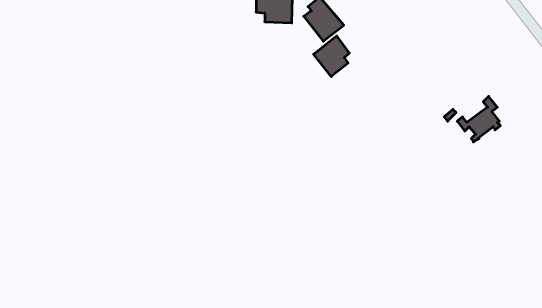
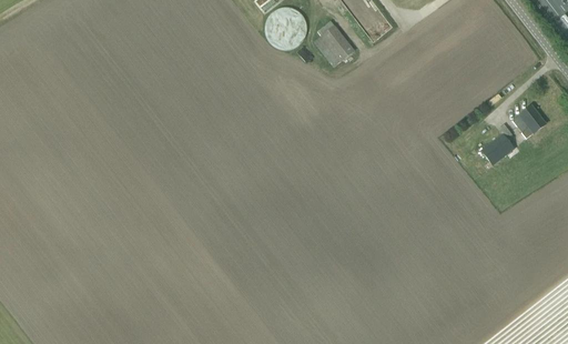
building: [314,36,349,77] -> none
building: none -> [511,104,545,138]

